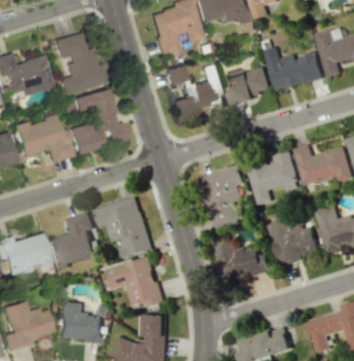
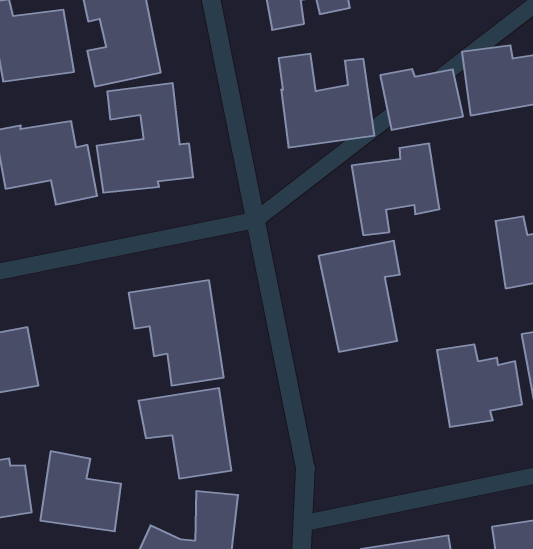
building: [249,150,301,205] -> [352,144,440,235]
building: [48,211,96,270] -> none
building: [214,241,273,283] -> none

